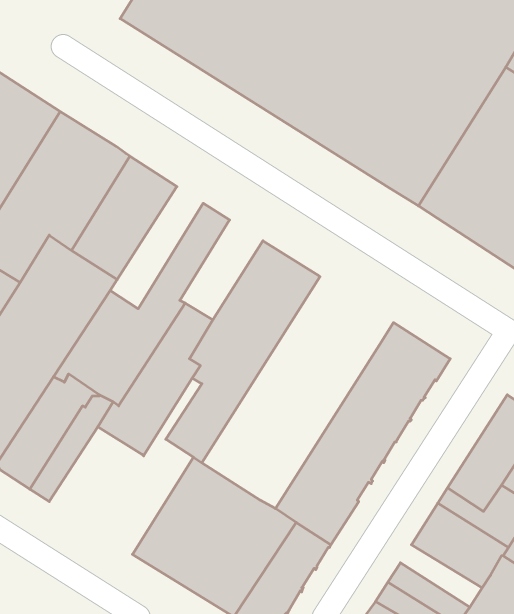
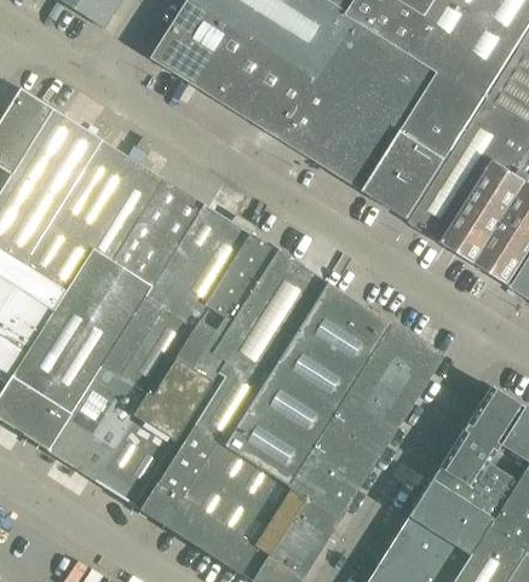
building: none -> [144,206,225,312]
building: none -> [205,235,277,322]
building: none -> [224,284,391,486]
building: none -> [91,415,173,506]
building: none -> [139,426,217,526]
building: none -> [397,518,468,572]

